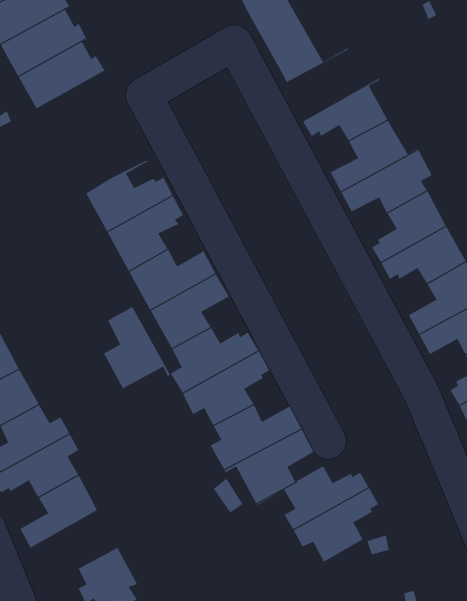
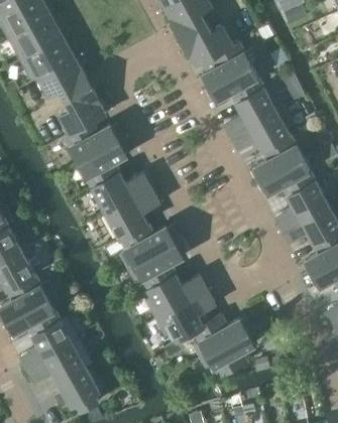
building: none -> [197,42,257,90]
building: none -> [32,56,105,127]
building: [103,306,171,389] -> none
building: none -> [28,344,86,383]

